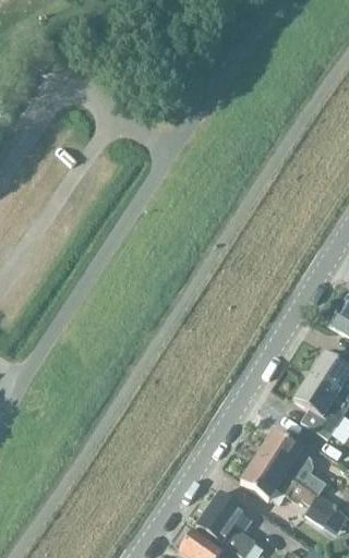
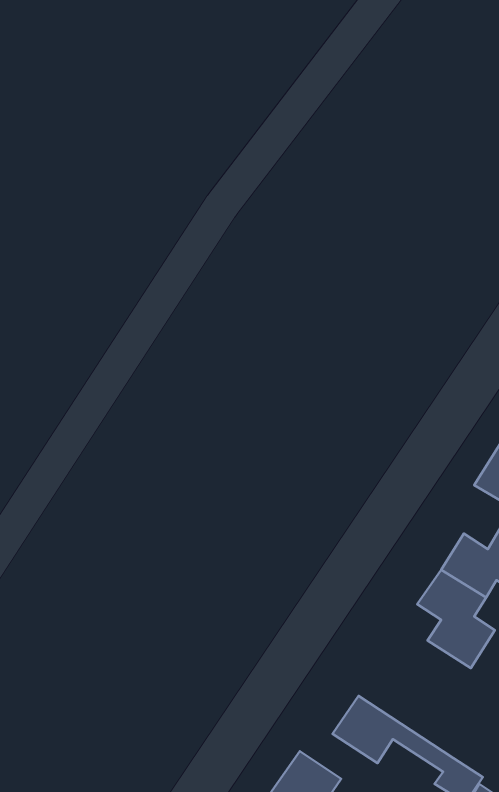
building: [257,432,325,496] -> none

